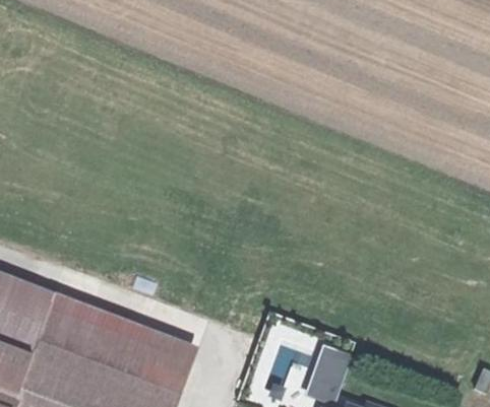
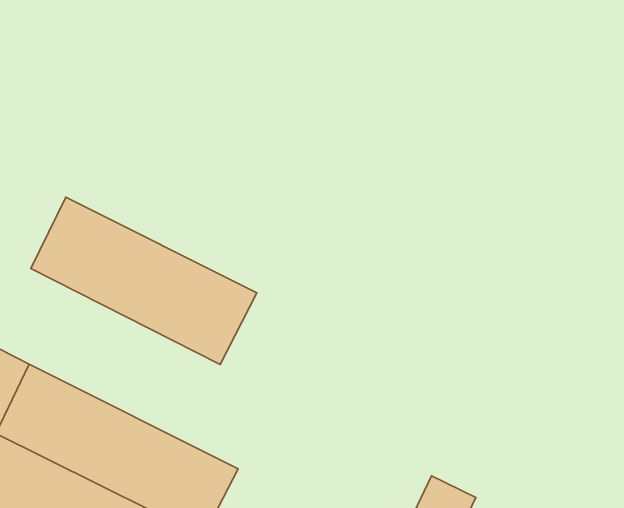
building: none -> [31,197,257,365]

